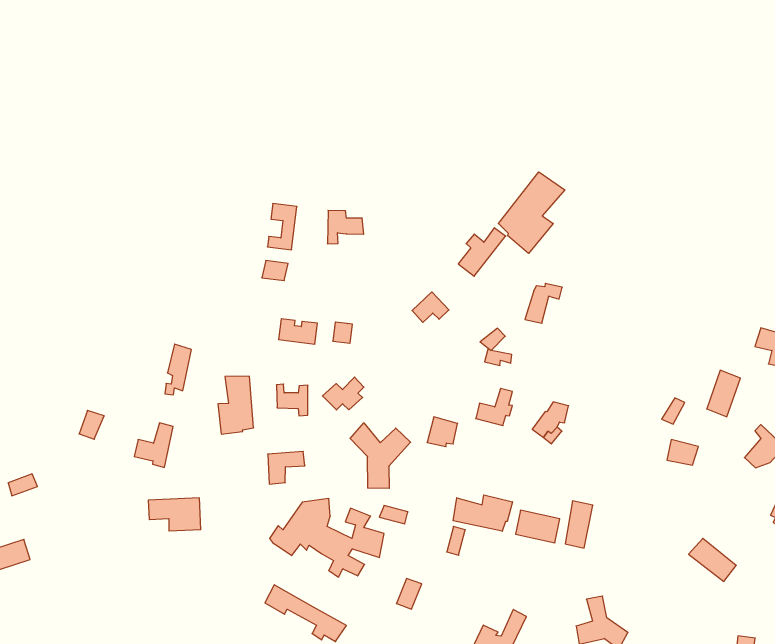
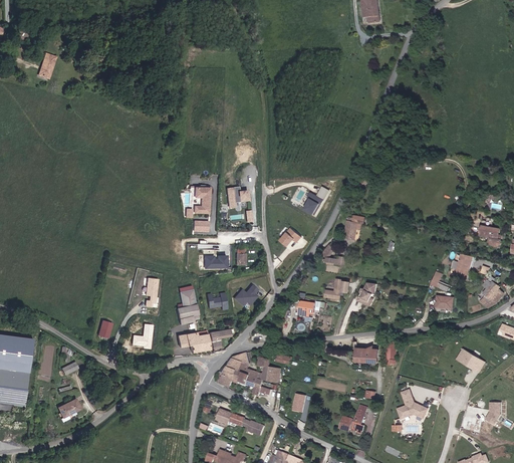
building: [498,172,565,253] -> none
building: [350,423,411,488] -> none
building: [453,495,512,531] -> none
building: [148,498,201,531] -> [177,330,209,352]

